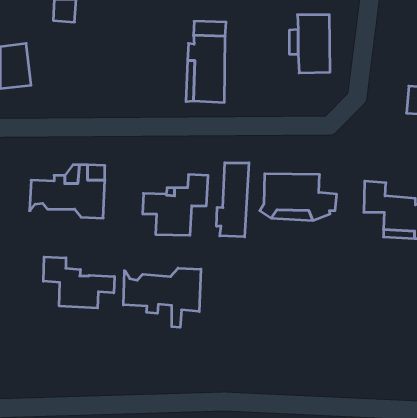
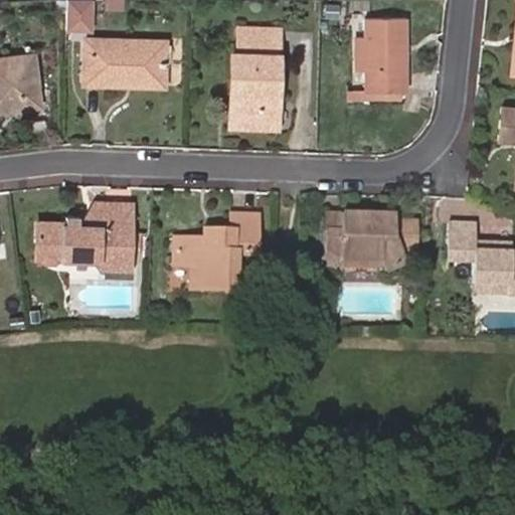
building: none -> [85,39,165,82]
building: [217,163,249,237] -> none
building: [43,257,114,308] -> none
building: [123,268,201,327] -> none

